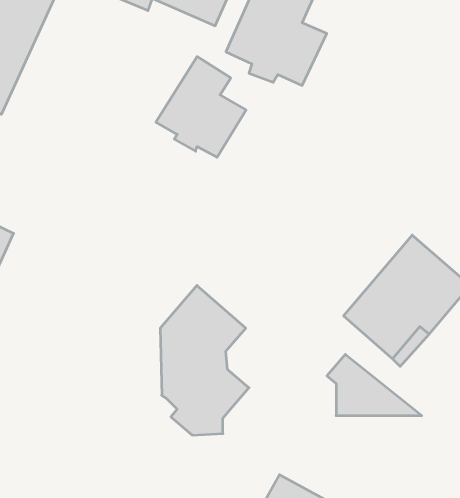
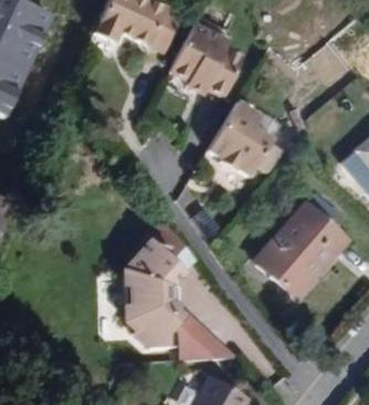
building: [156,57,246,157] -> [207,103,272,176]
building: [327,354,422,416] -> [172,315,241,360]

